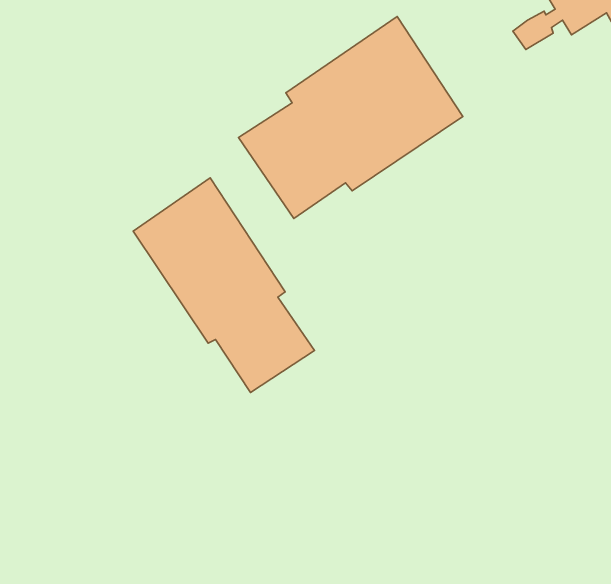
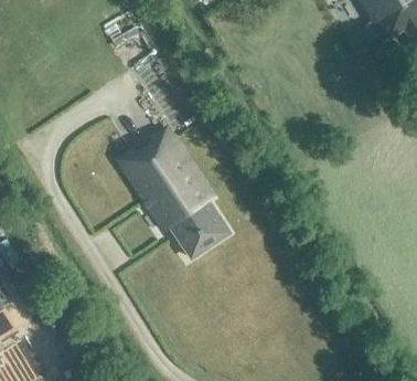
building: [238,17,463,219] -> none

